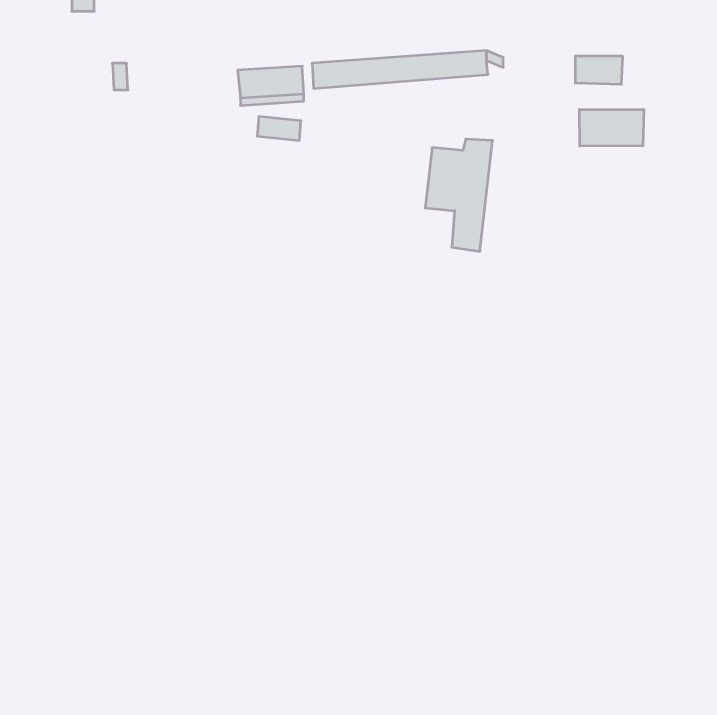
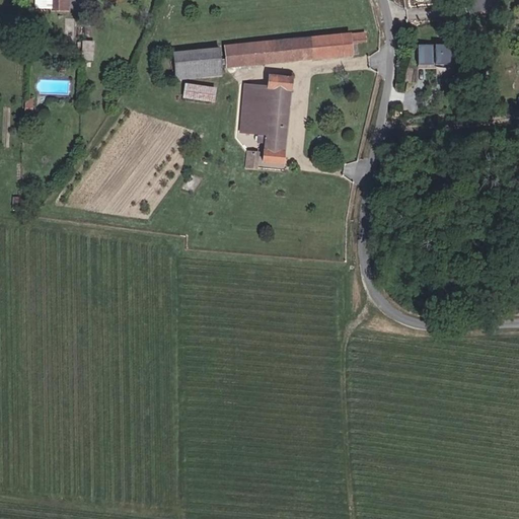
building: [579,109,644,146] -> none
building: [425,139,493,251] -> [243,78,292,159]

